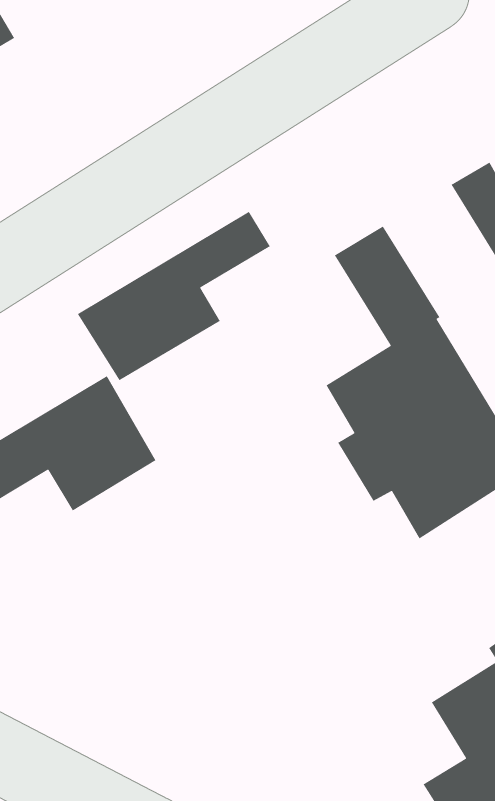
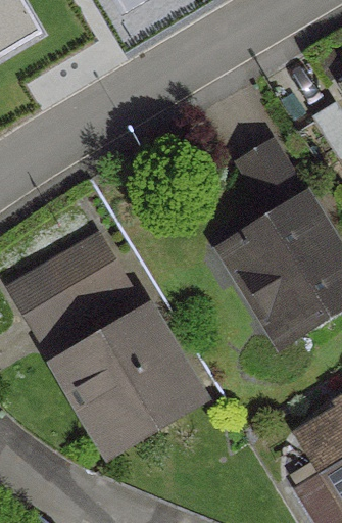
building: [77,211,271,381] -> none
building: none -> [67,325,185,441]

